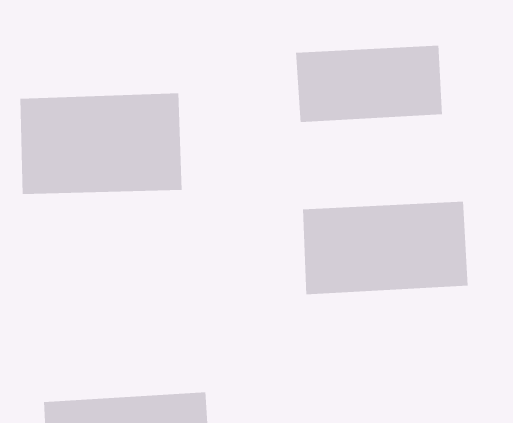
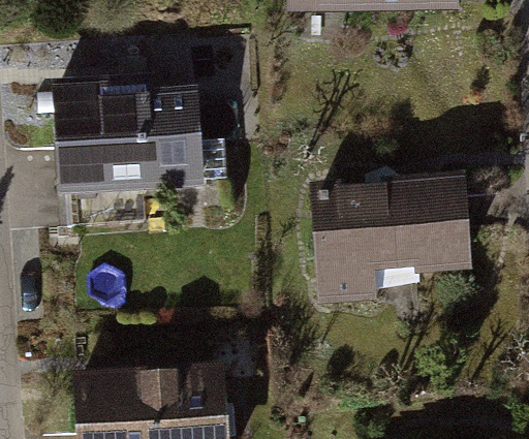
building: [295,45,443,123] -> none

